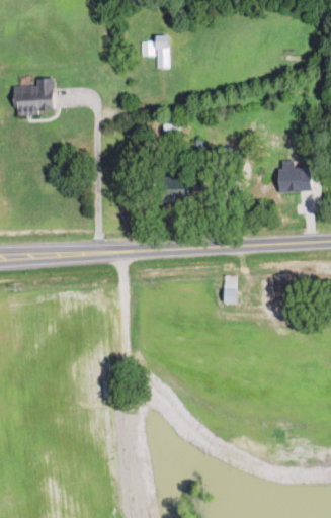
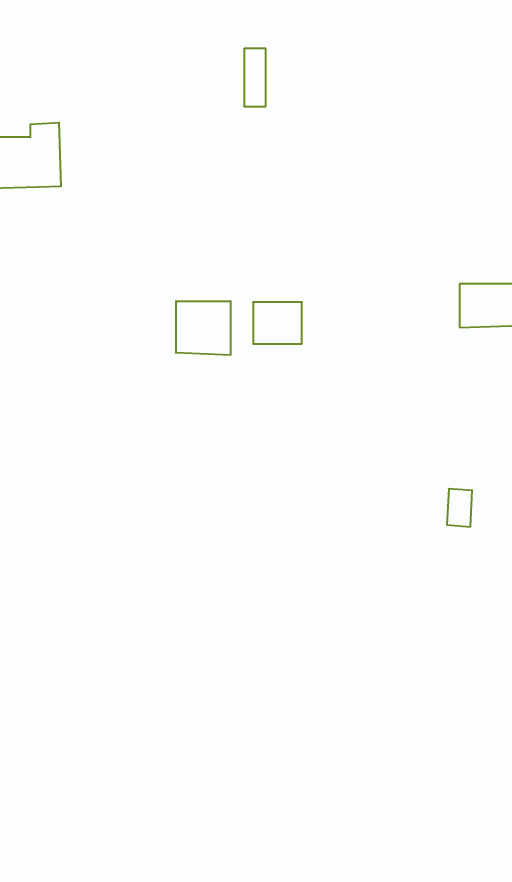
building: none -> [176,301,231,355]
building: [223,275,237,303] -> none

